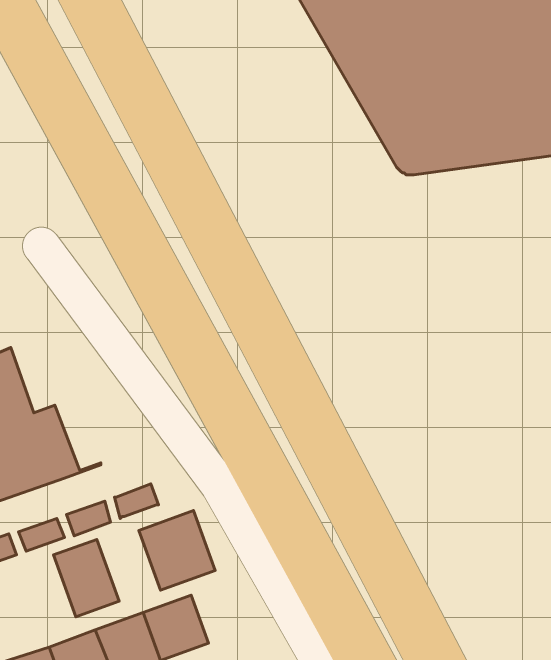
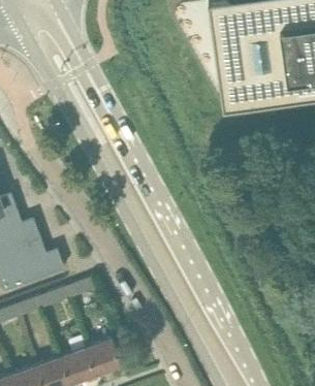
building: [139,511,215,590] -> none
building: [53,539,119,617] -> none

